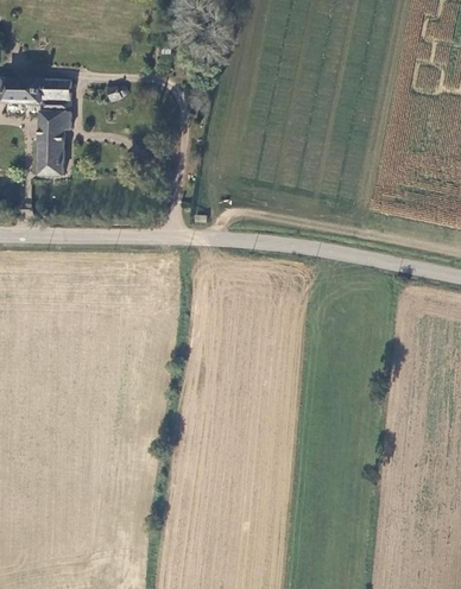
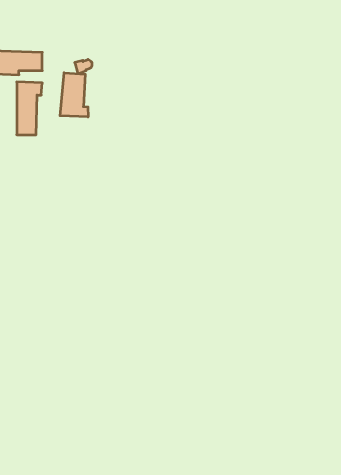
building: none -> [60,73,88,117]

